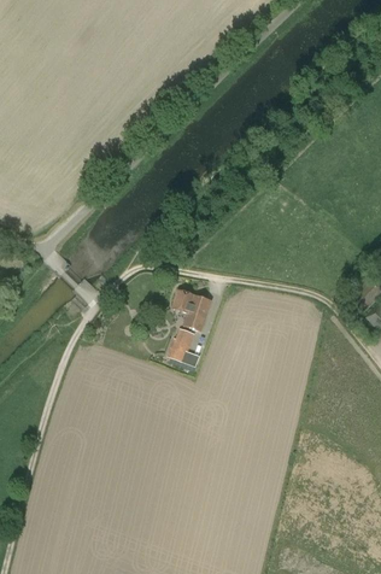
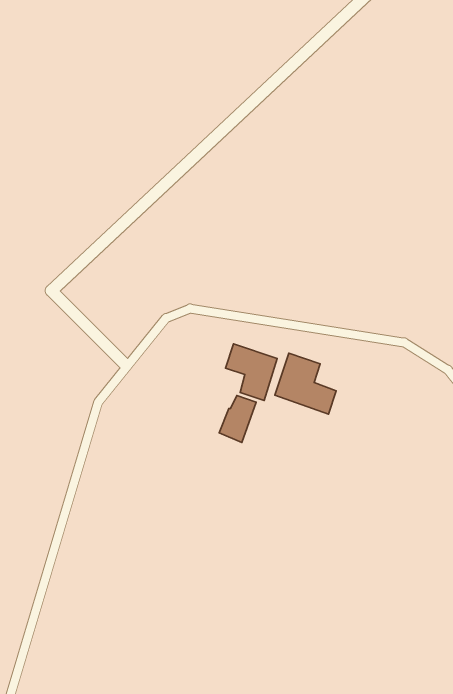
building: none -> [275,353,336,414]

